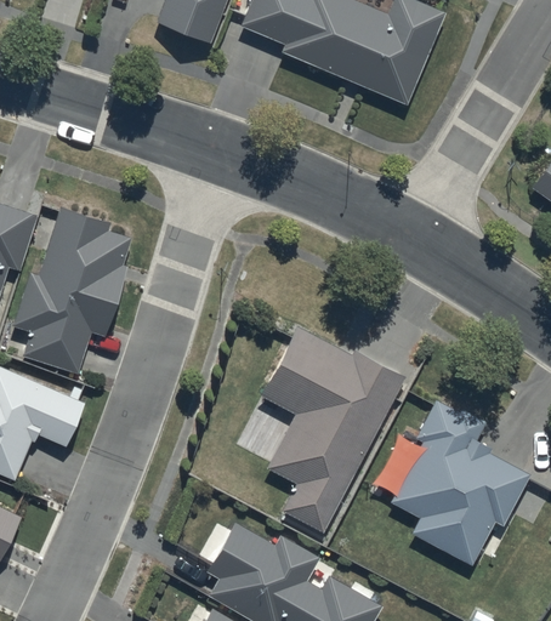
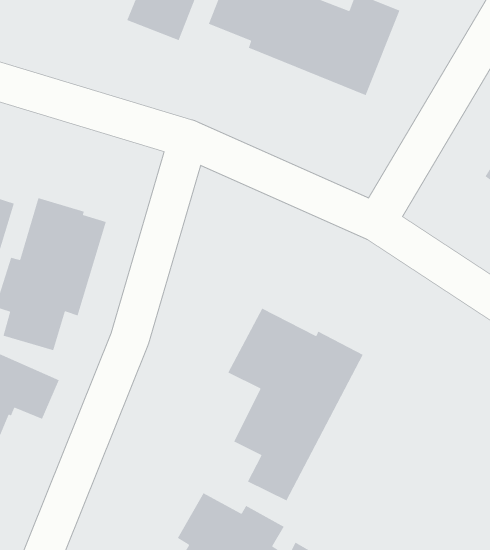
building: [391,401,527,568] -> none

